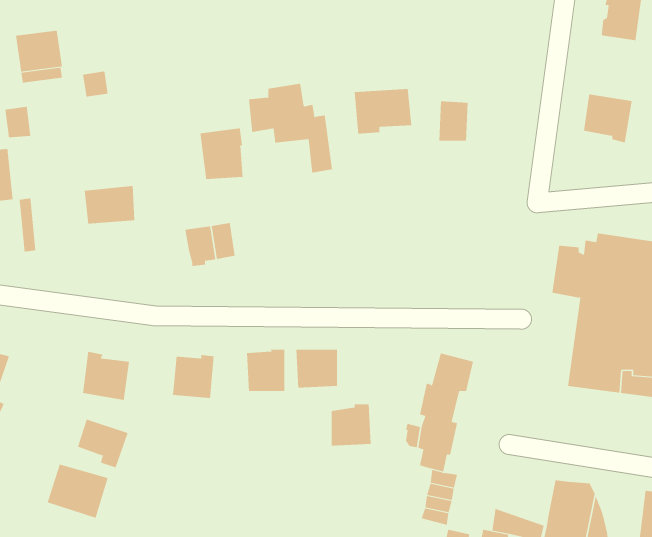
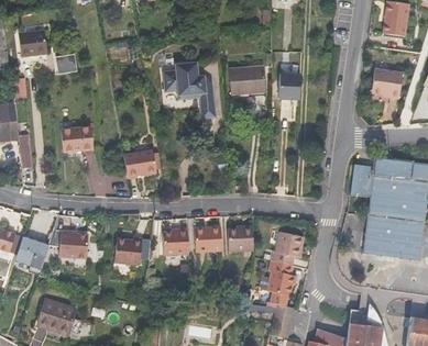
building: [200,128,243,180] -> none
building: [331,404,371,446] -> [229,224,254,250]
building: [77,419,128,468] -> [15,237,47,268]

